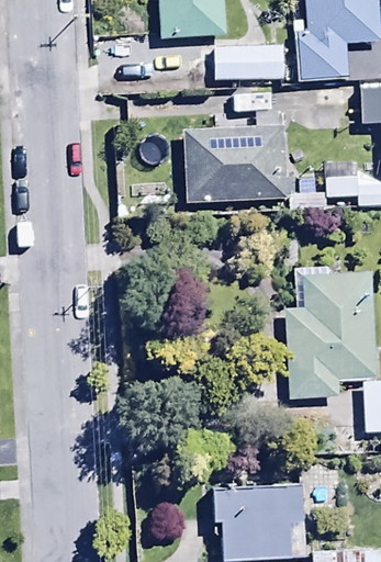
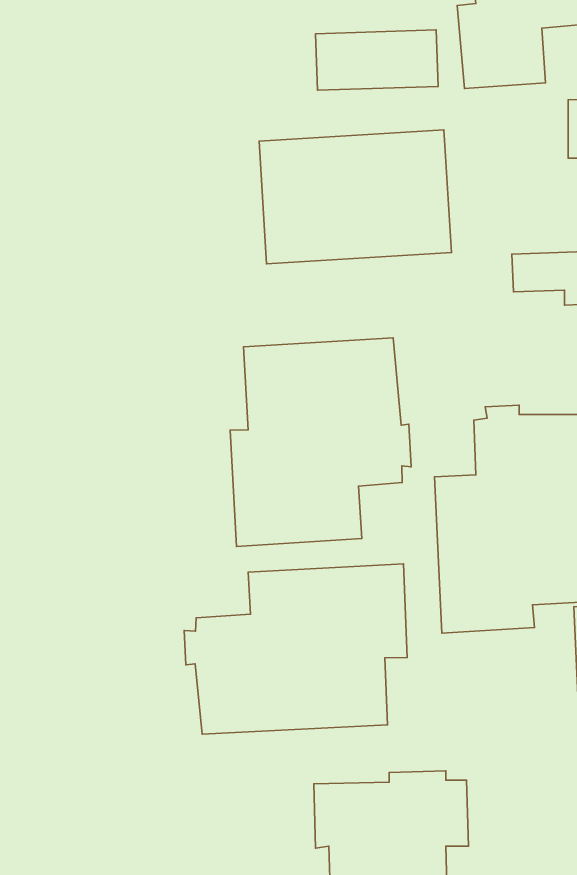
building: none -> [230,338,411,547]
building: none -> [184,564,407,734]

